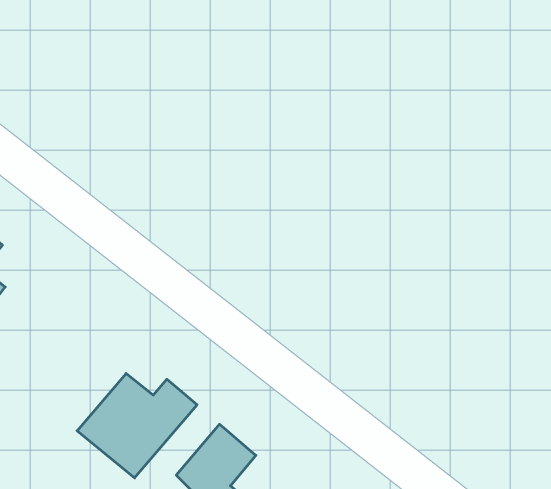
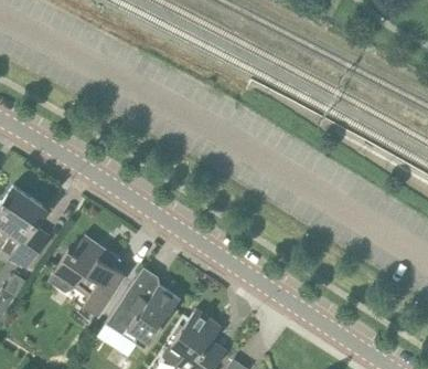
building: none -> [56,238,126,313]

